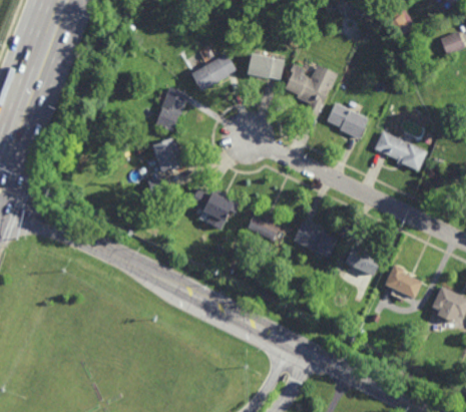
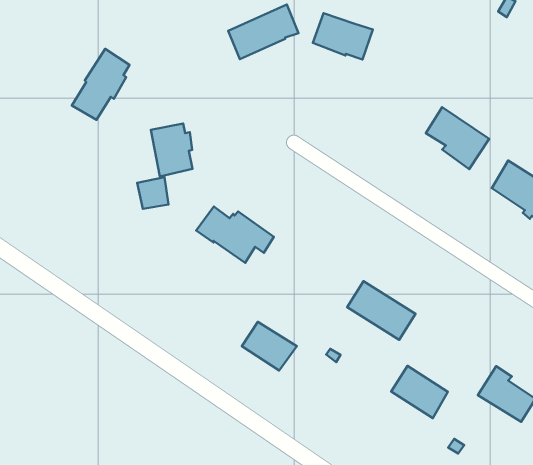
building: [285,64,338,118] -> none
building: [155,85,188,131] -> [72,49,130,120]
building: [247,212,282,241] -> [242,322,297,370]
building: [345,245,381,276] -> [391,366,448,418]

